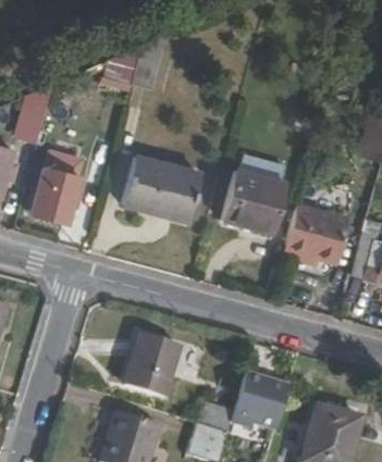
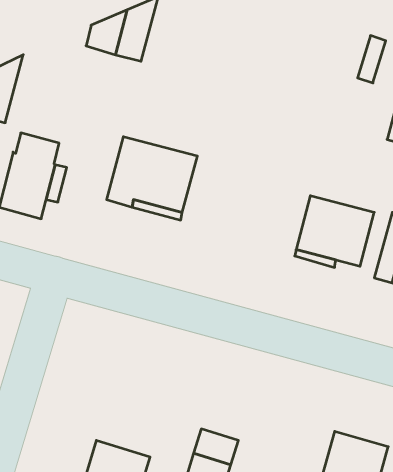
building: [222,153,286,234] -> none
building: [124,333,181,397] -> none
building: [236,371,291,429] -> none

